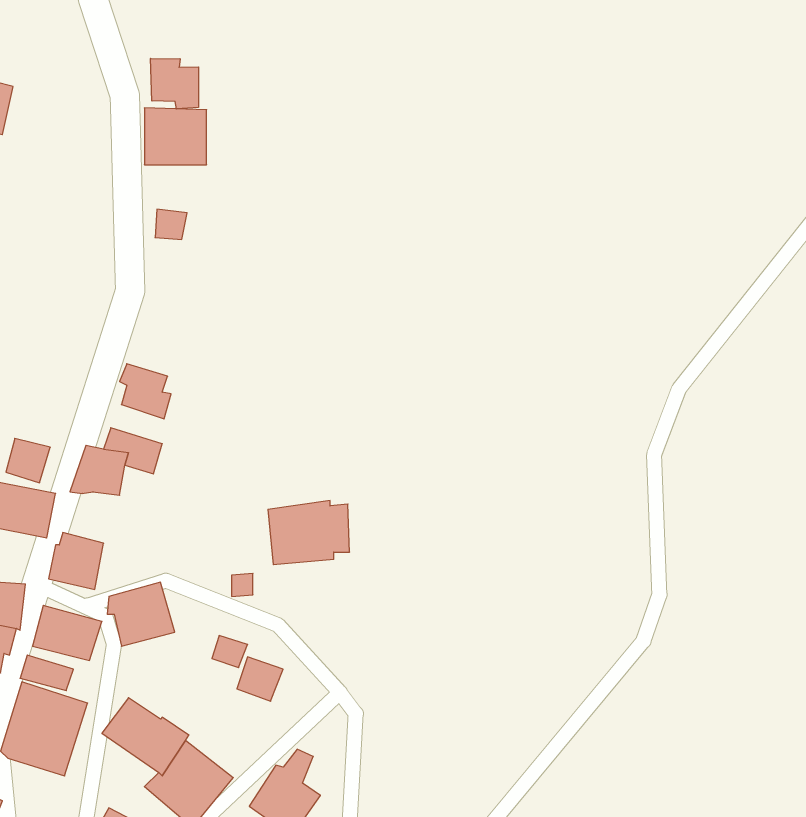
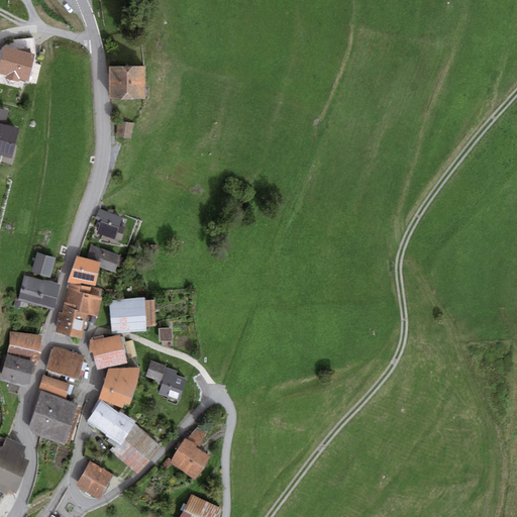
building: [151,58,198,109] -> none
building: none -> [63,283,102,314]
building: [268,501,350,565] -> [108,296,154,332]
building: none -> [97,366,139,406]

